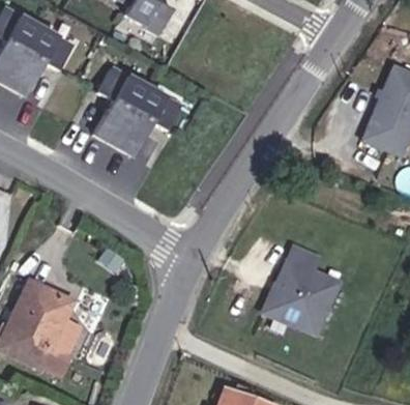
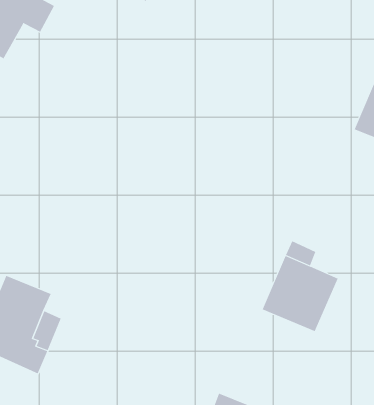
building: [97,54,183,142] -> none

